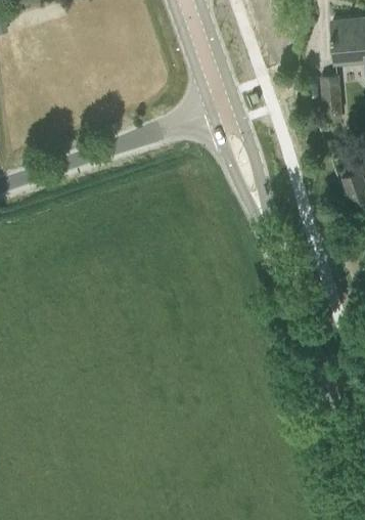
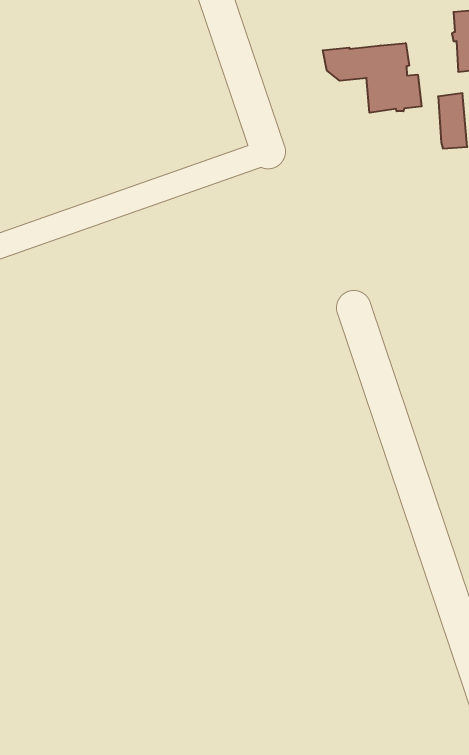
building: none -> [323,43,422,113]

